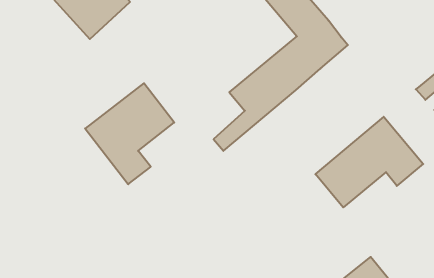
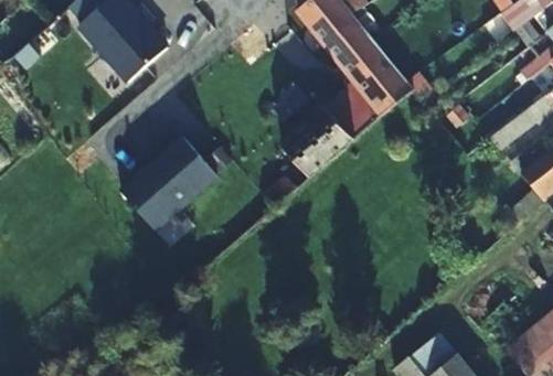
building: [315,117,423,207] -> none

